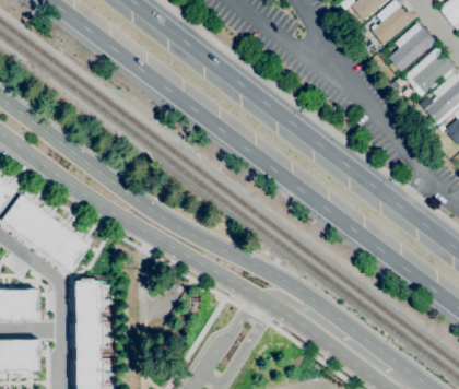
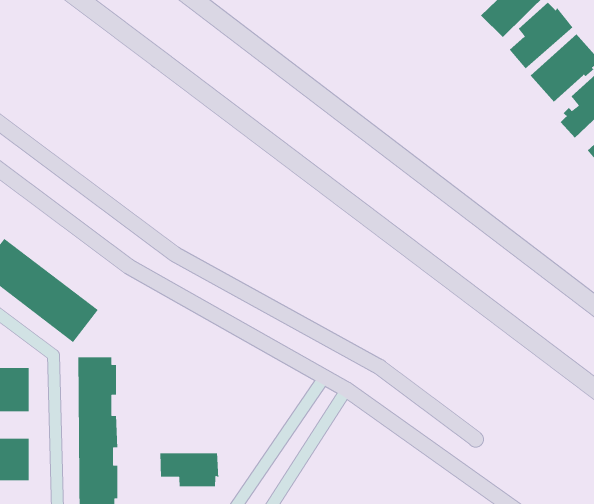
building: none -> [159,452,219,487]

